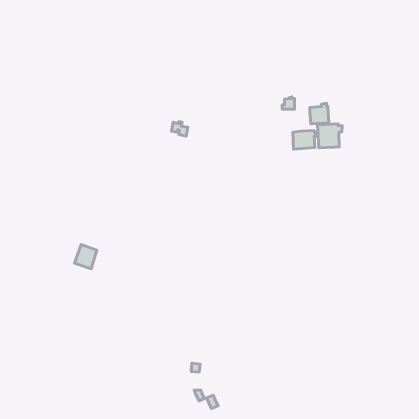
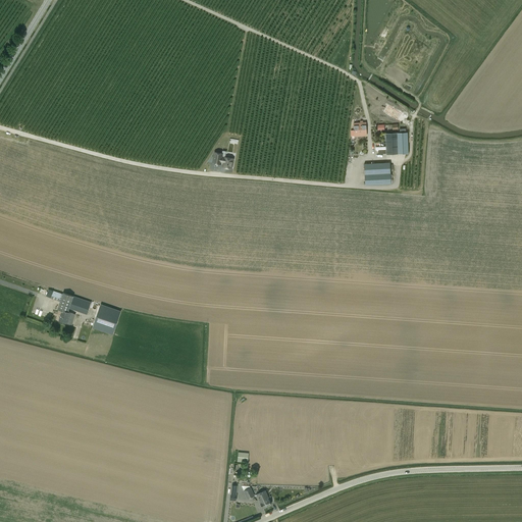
building: [318,124,342,148] -> none
building: none -> [46,290,92,325]

